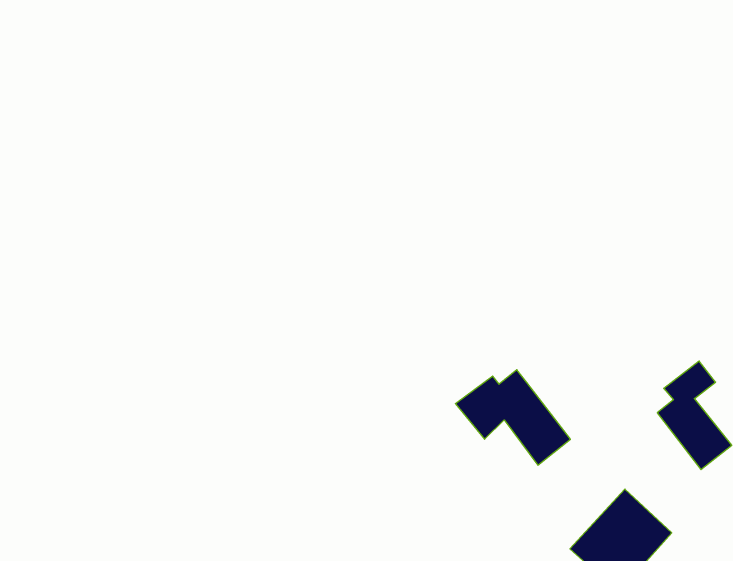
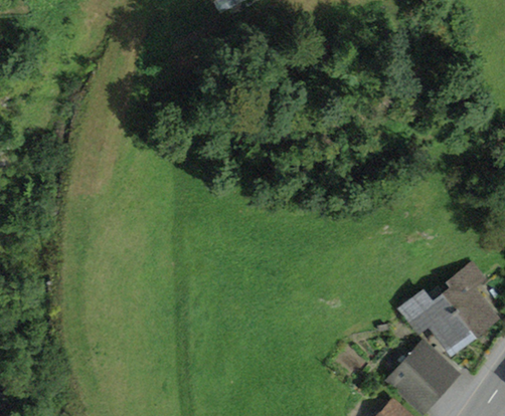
building: [455,370,570,465] -> [400,288,472,348]

